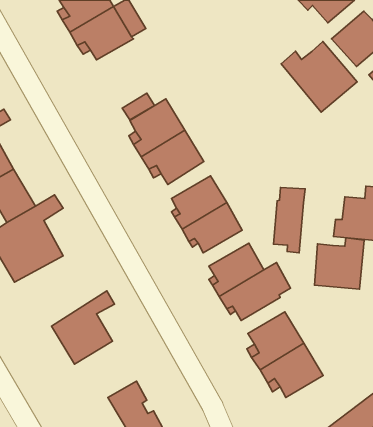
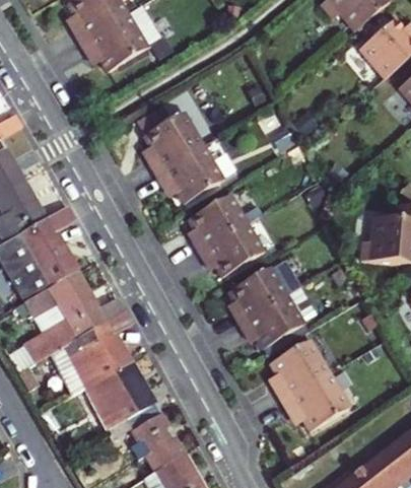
building: [281,41,357,112] -> none
building: [274,188,305,253] -> none
building: [315,238,364,289] -> none
building: none -> [20,279,121,370]
building: none -> [86,370,152,437]

